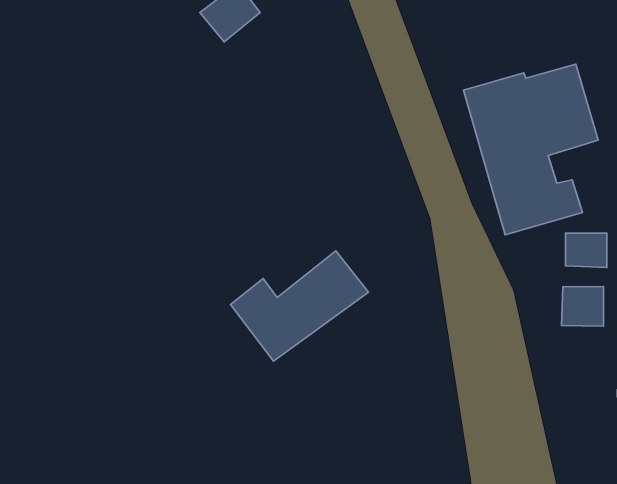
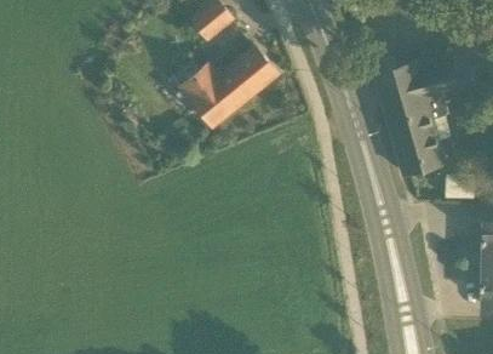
building: [231,251,368,361] -> [180,46,277,124]
building: [562,287,603,326] -> none

